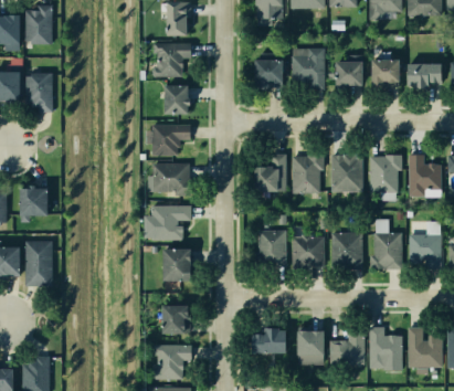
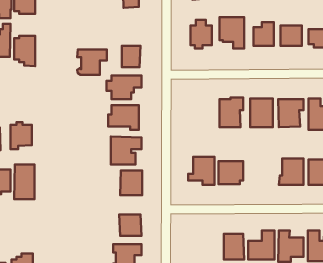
building: [152,43,191,76] -> [77,50,107,75]
building: [256,155,286,190] -> none
building: [331,233,363,270] -> none
building: [253,328,287,352] -> none

